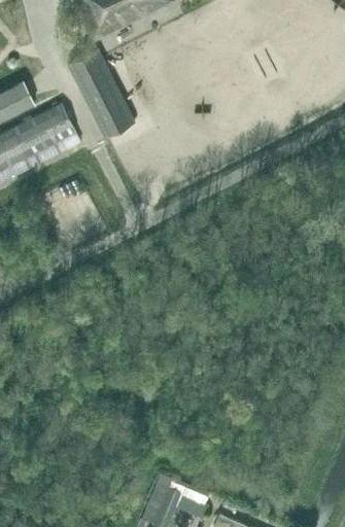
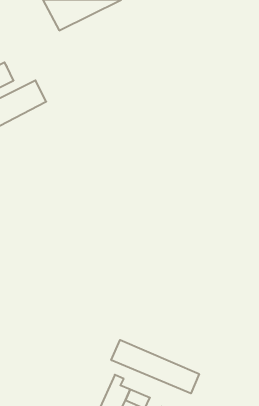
building: [69,50,136,139] -> none
building: none -> [111,340,199,393]

